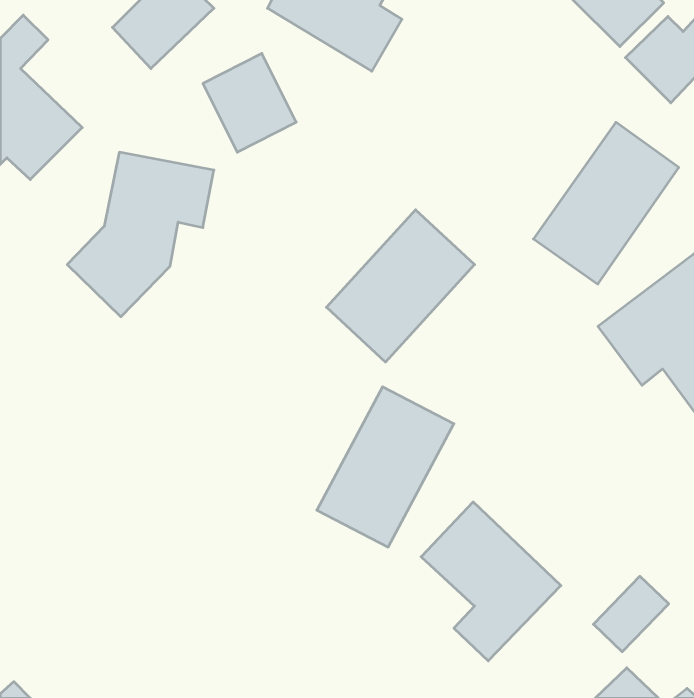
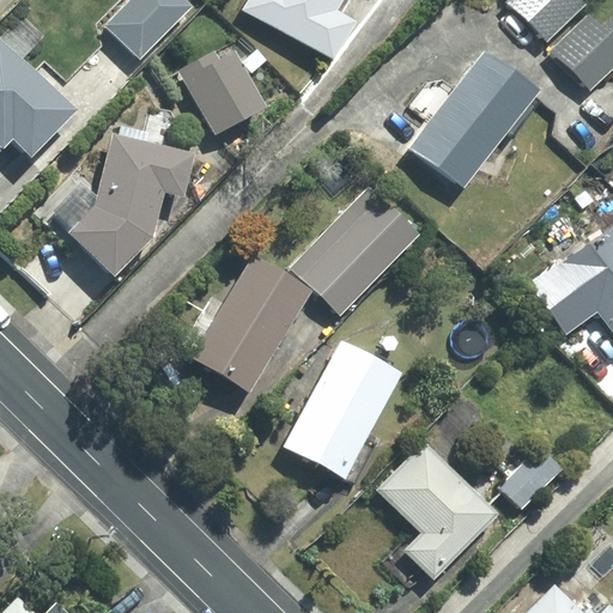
building: [533,122,679,284] -> [407,50,534,192]
building: none -> [189,255,312,392]
building: [593,576,669,652] -> [499,444,565,510]

